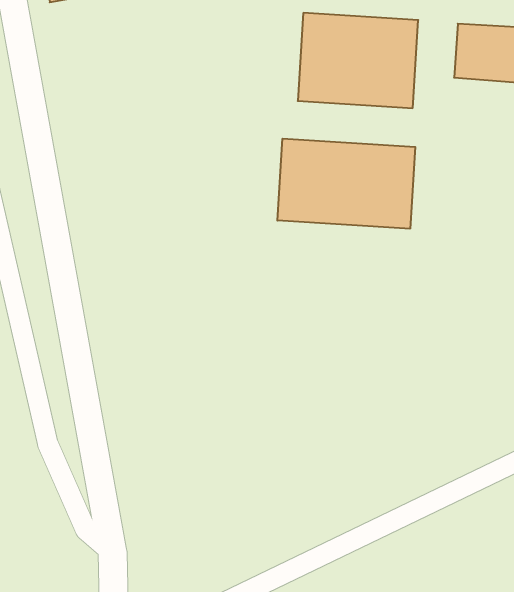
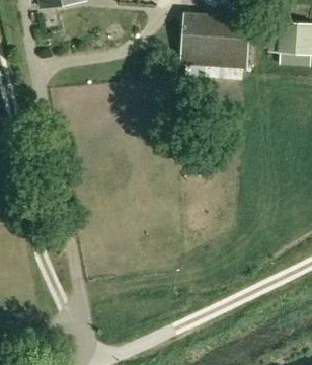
building: [277,139,415,229] -> none

